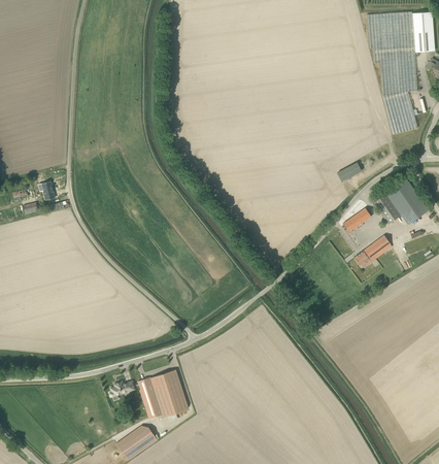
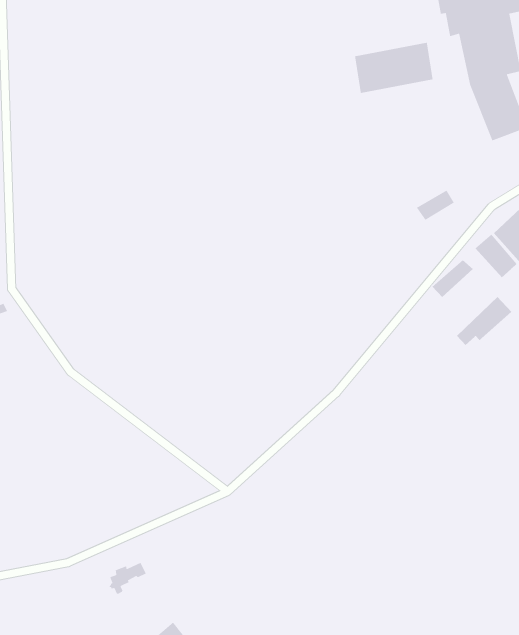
building: none -> [354,42,434,94]
building: [138,369,188,418] -> none

